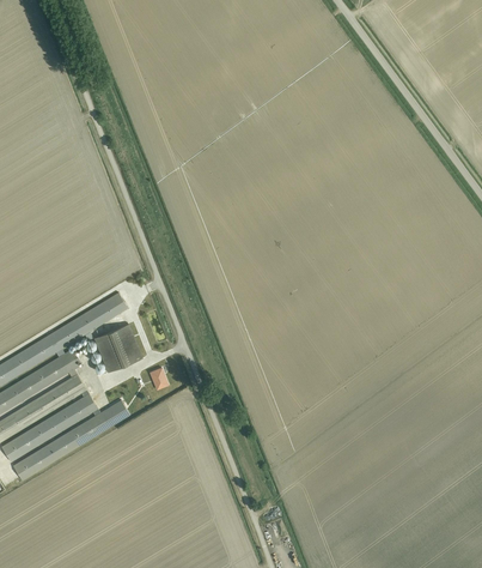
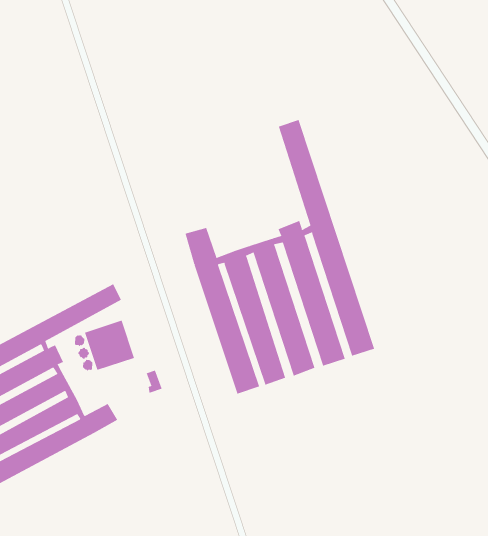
building: none -> [185,119,375,394]

